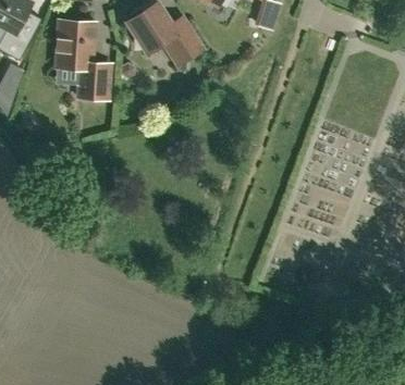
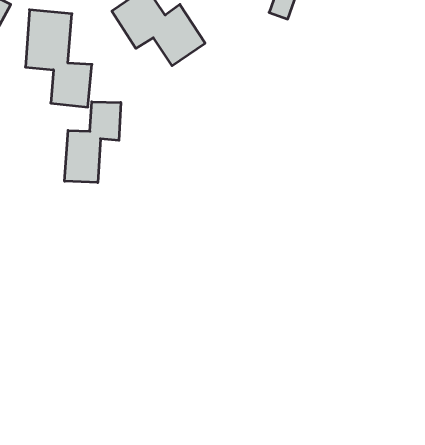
building: none -> [65,102,121,183]

